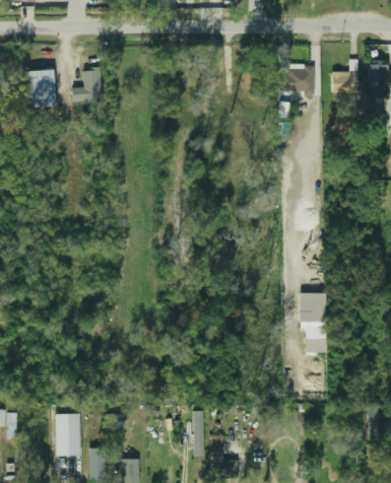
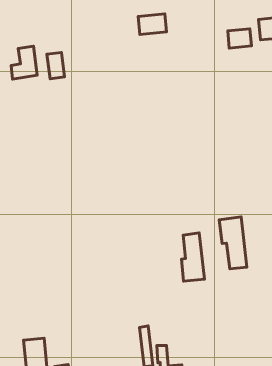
building: [280,69,312,90] -> [138,14,166,34]
building: none -> [47,52,65,79]
building: none -> [181,233,204,281]

